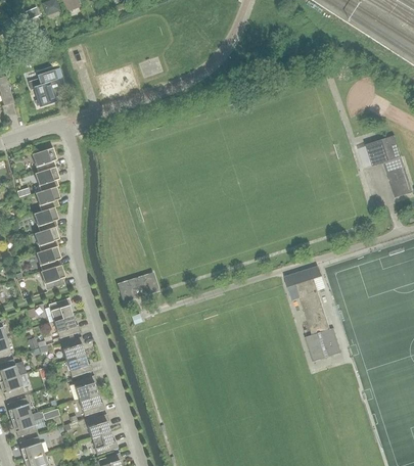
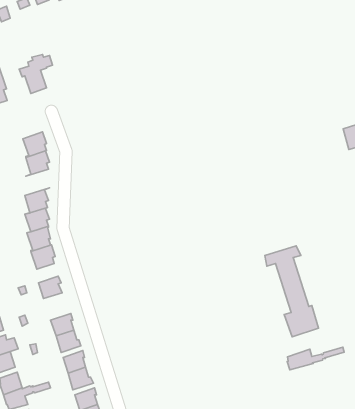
building: [33,186,59,214] -> none
building: [117,272,158,301] -> none
building: [53,315,80,338] -> none
building: none -> [287,347,344,370]

